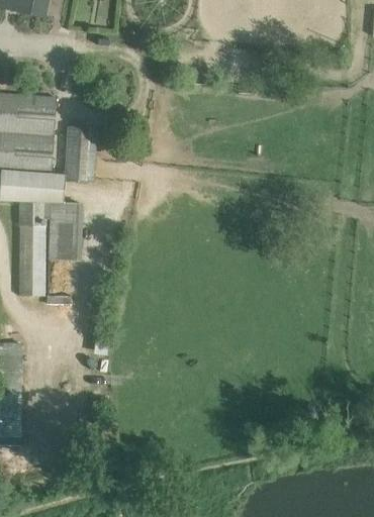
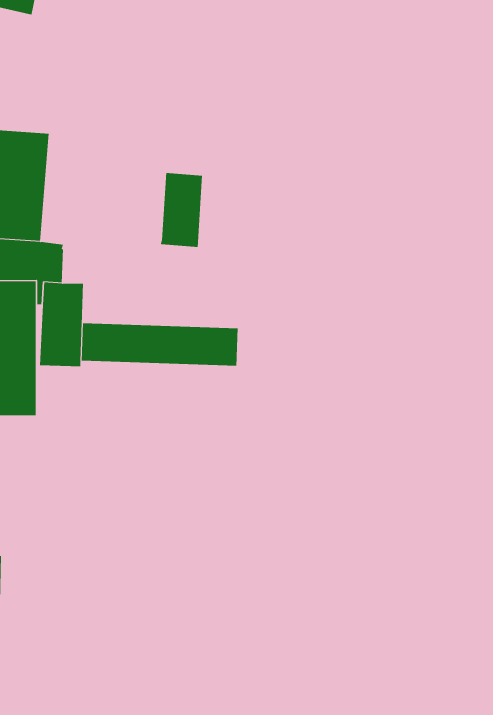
building: [64,127,94,180] -> [160,173,203,247]
building: none -> [81,323,238,366]

